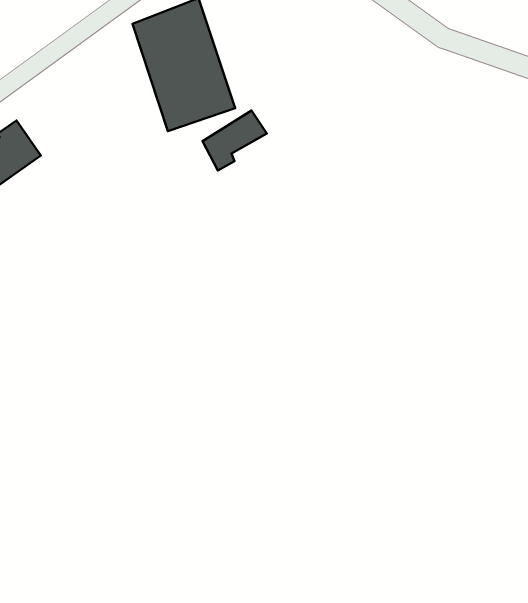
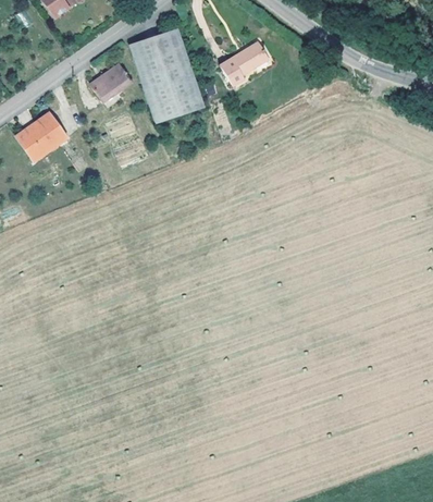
building: none -> [90,65,132,105]
building: [202,111,267,170] -> [223,41,269,84]

